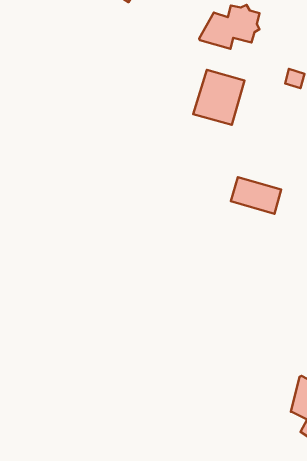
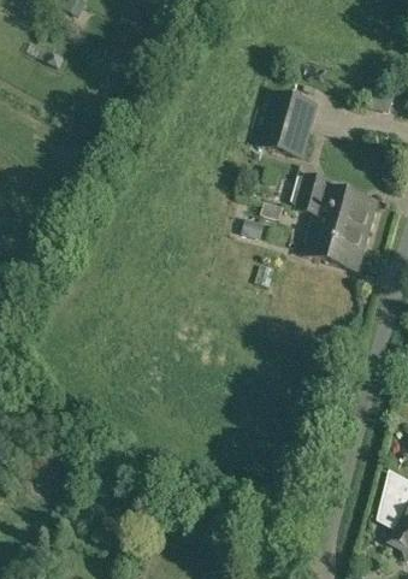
building: [199,5,260,49] -> none
building: none -> [297,172,377,237]

